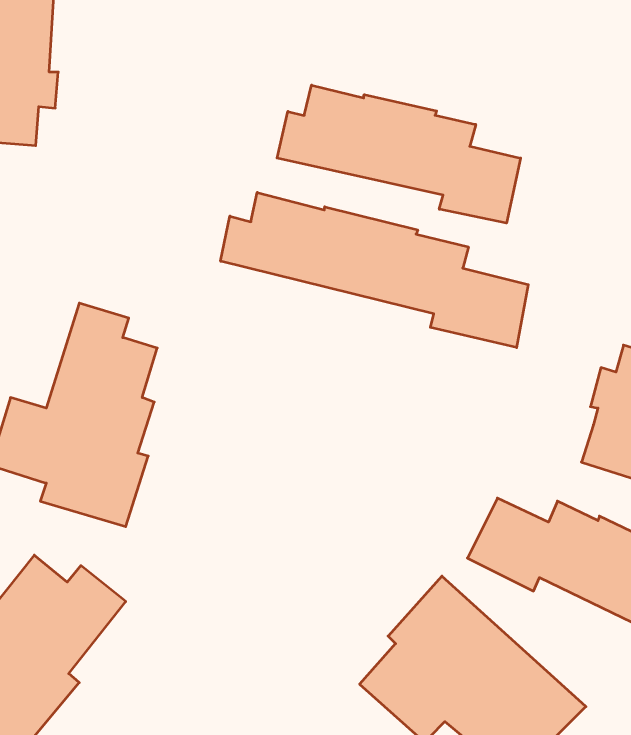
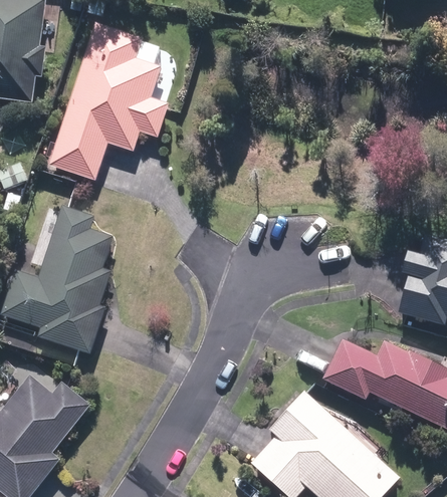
building: none -> [48,21,171,182]
building: [277,85,521,223] -> none
building: [221,192,528,348] -> none

